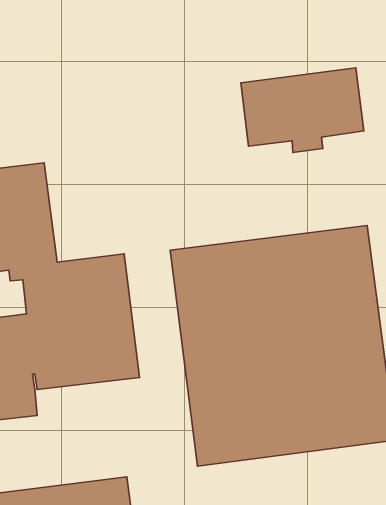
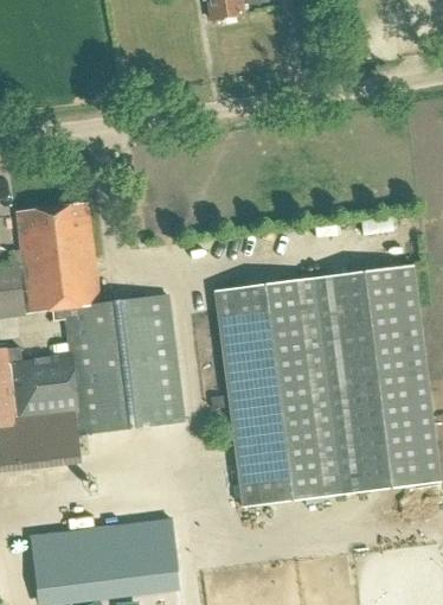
building: [241,68,364,152] -> none

